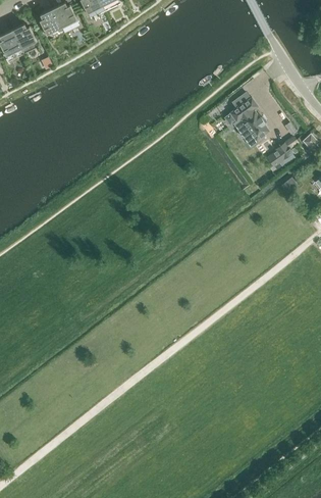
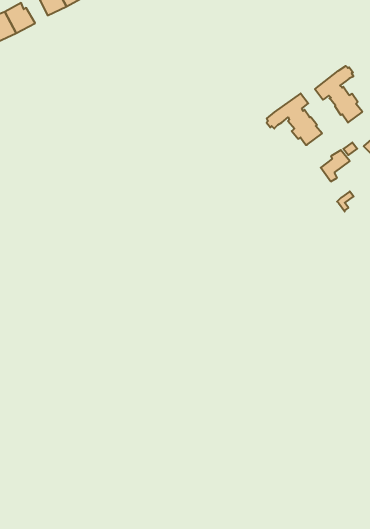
building: none -> [315,66,362,123]

